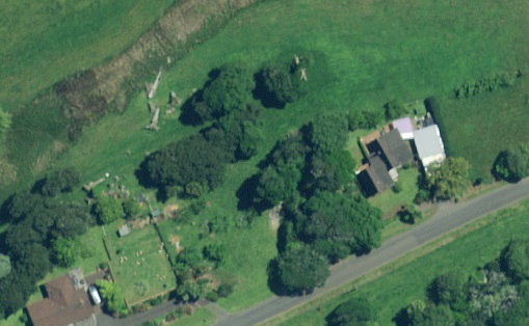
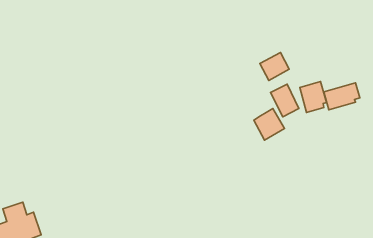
building: none -> [260,53,289,81]
building: none -> [324,83,360,110]

